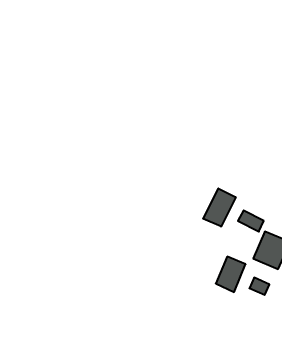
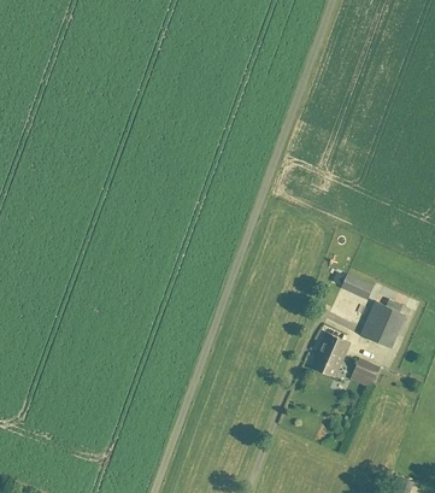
building: [203,188,236,227] -> none

